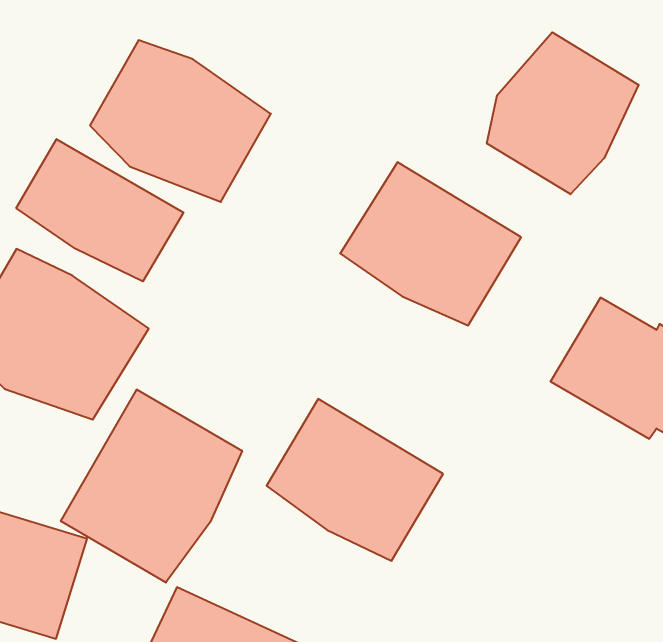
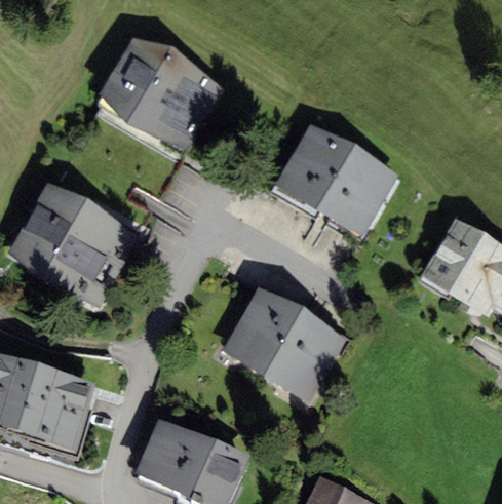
building: [487,32,639,194] -> none
building: [16,139,183,281] -> none
building: [61,389,242,583] -> none

